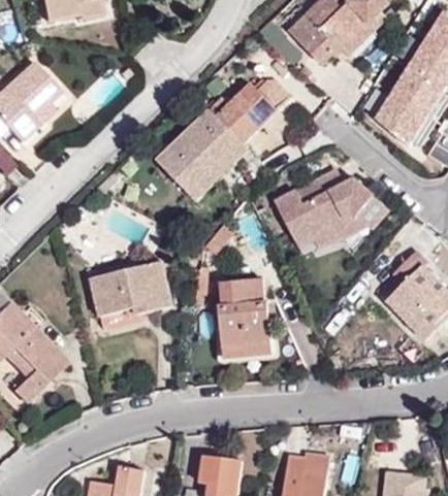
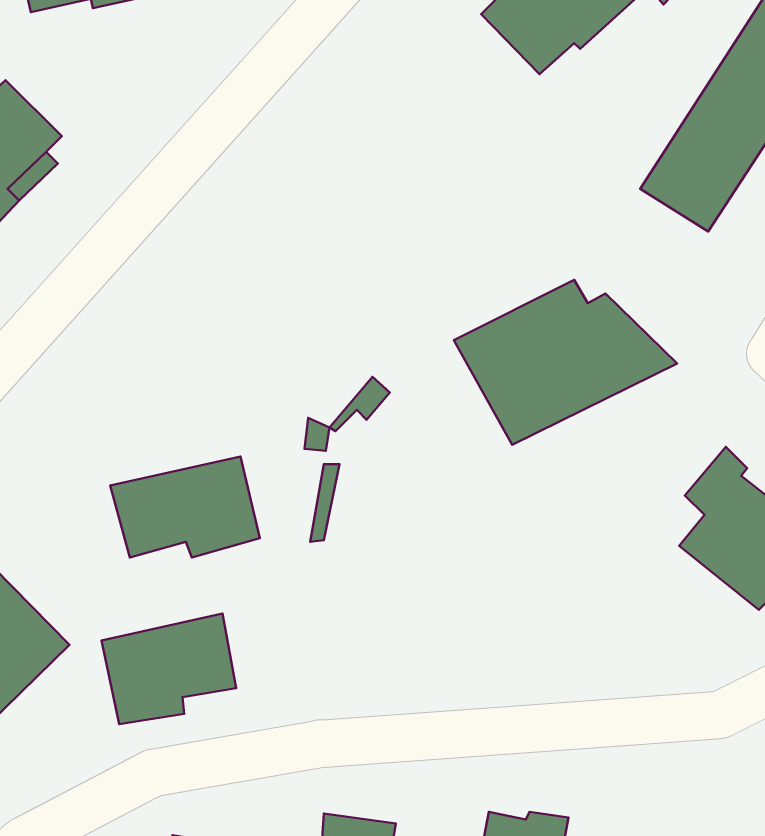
building: [168,85,279,201] -> none
building: [220,277,270,353] -> none
building: none -> [102,614,236,724]

